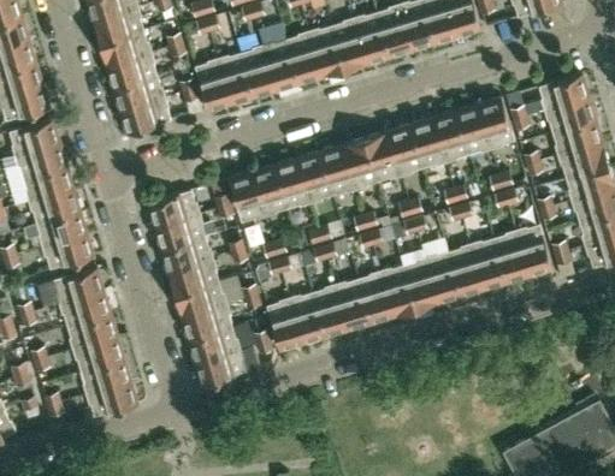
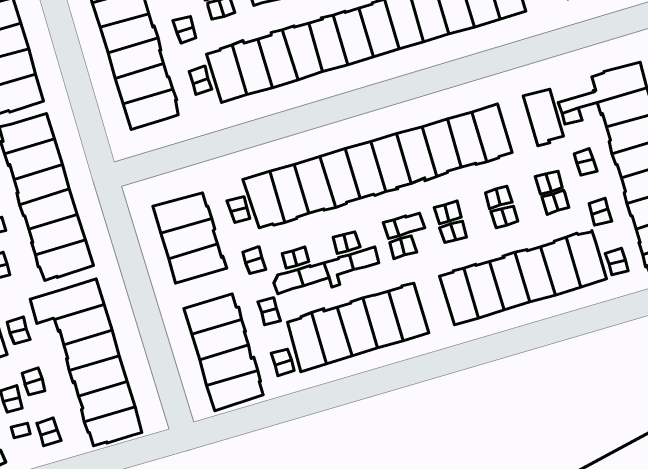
building: [455,103,491,154] -> none
building: [167,257,218,293] -> none
building: [380,264,416,315] -> none

